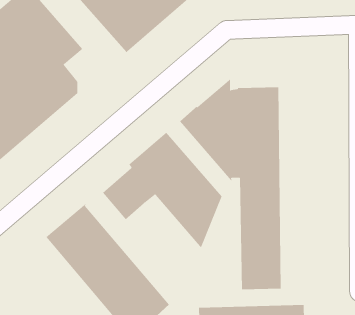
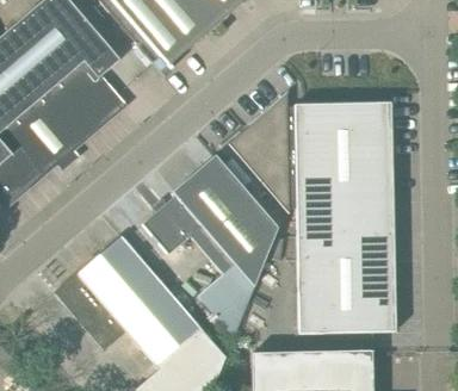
building: none -> [344,101,396,331]
building: none -> [191,225,255,336]

